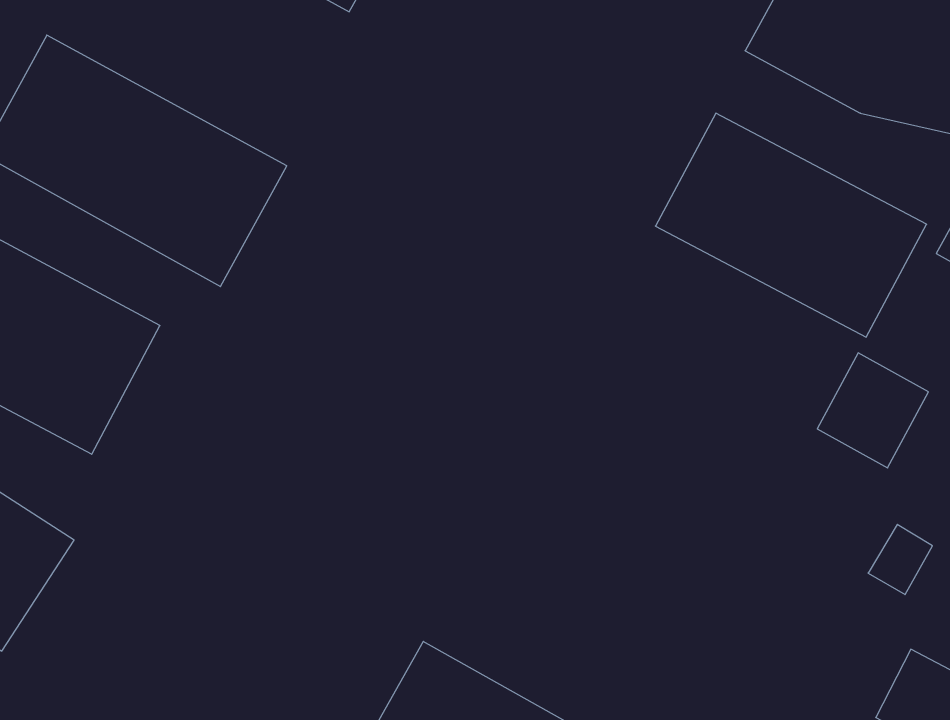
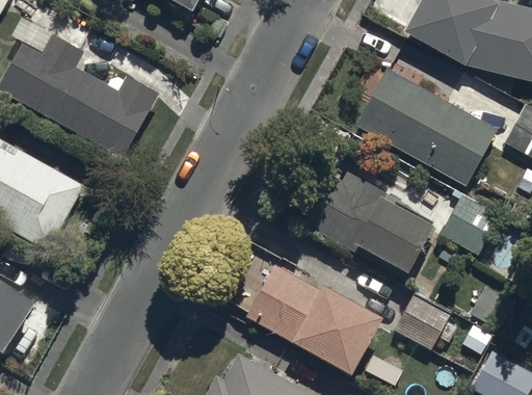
building: none -> [282,156,434,276]
building: none -> [244,263,380,376]
building: none -> [394,294,451,351]

